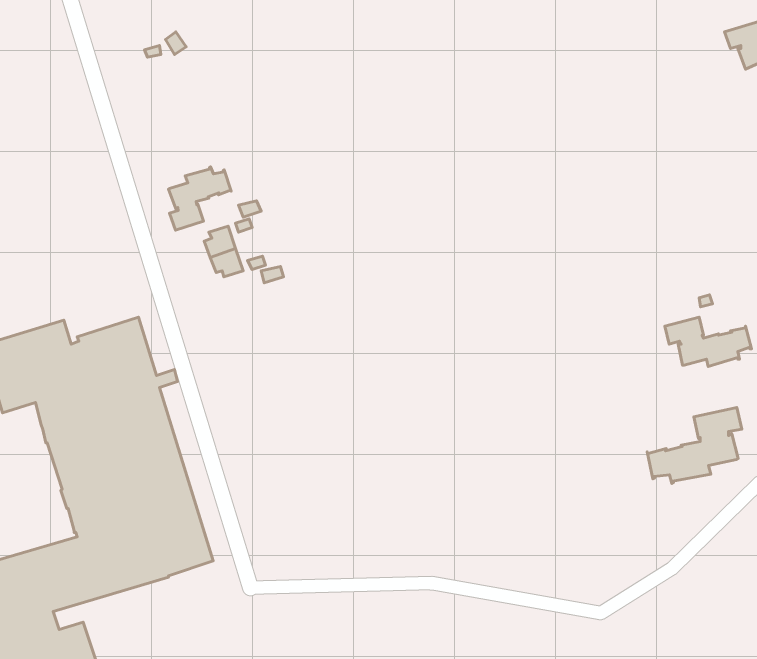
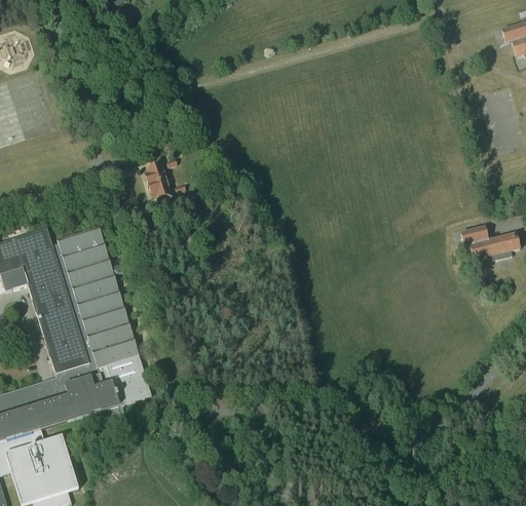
building: [168,167,231,230] -> none
building: [647,408,742,483] -> none

